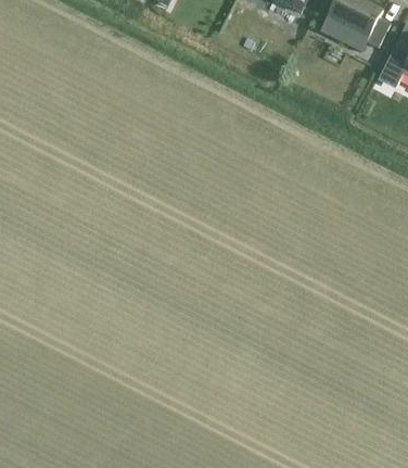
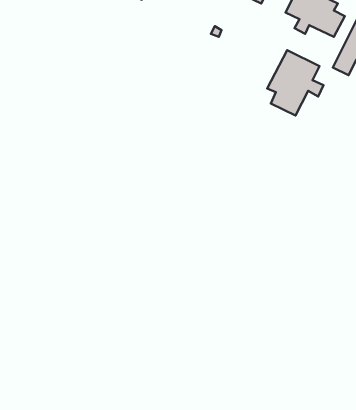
building: none -> [267,50,323,115]

